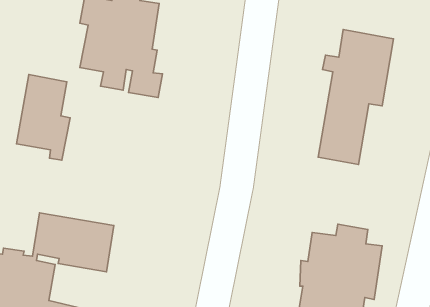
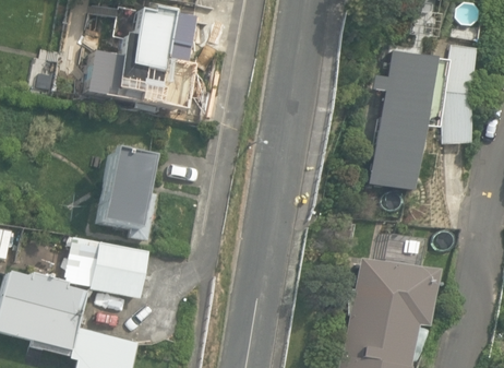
building: none -> [443,38,478,140]
building: [16,75,70,160] -> [99,145,156,236]

